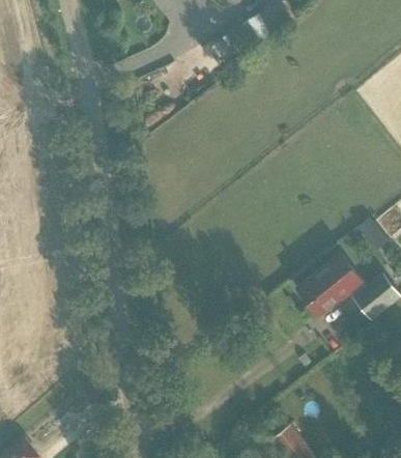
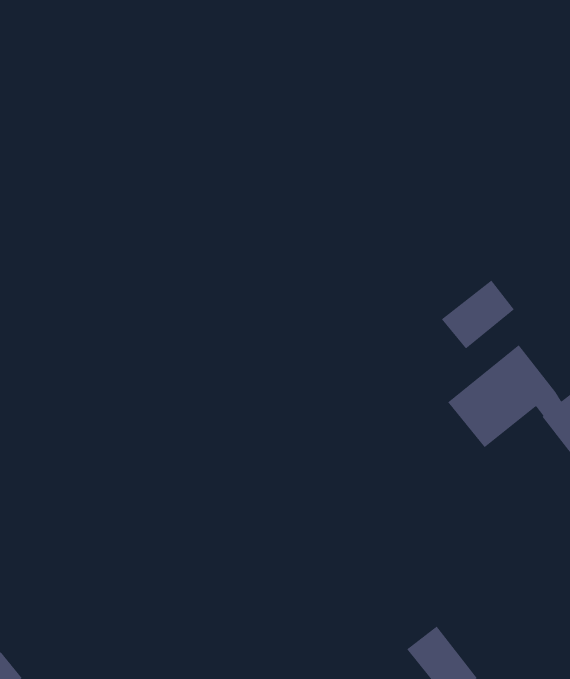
building: none -> [441,279,515,350]

